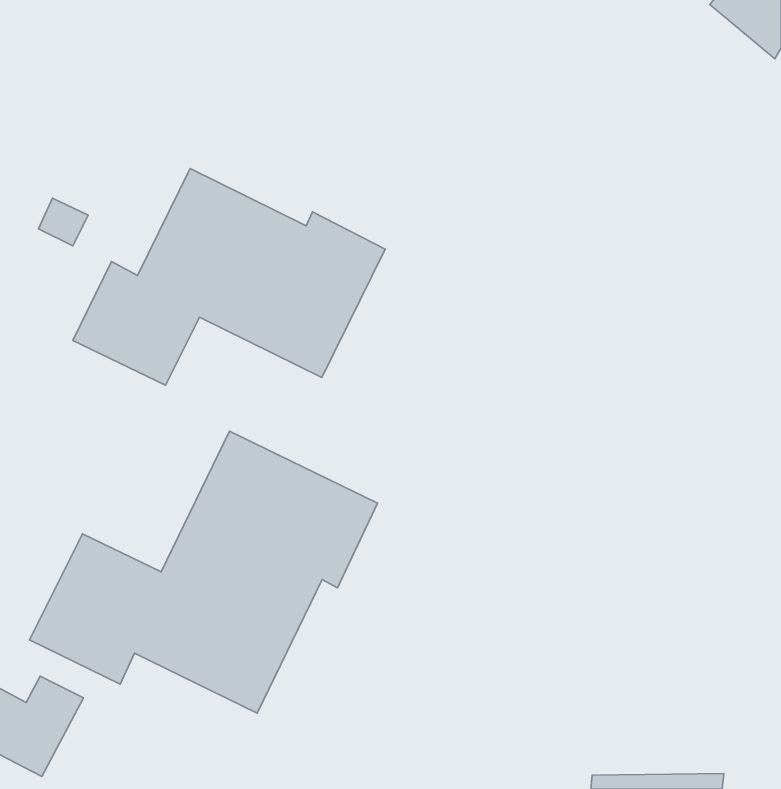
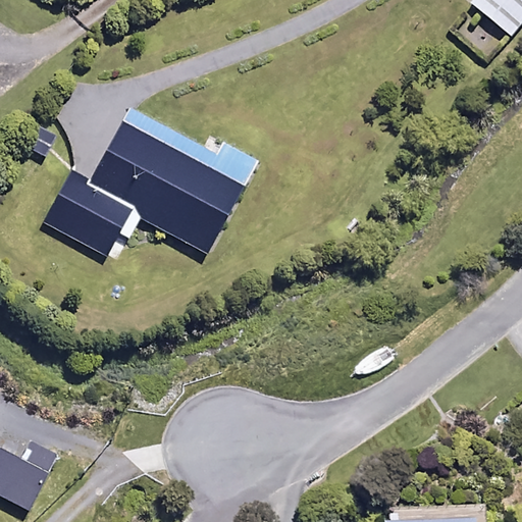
building: [30,431,378,713] -> none

